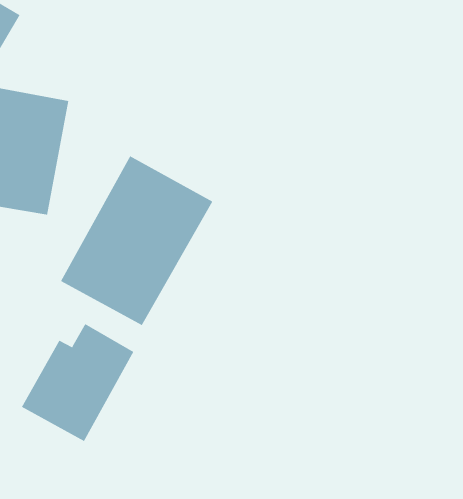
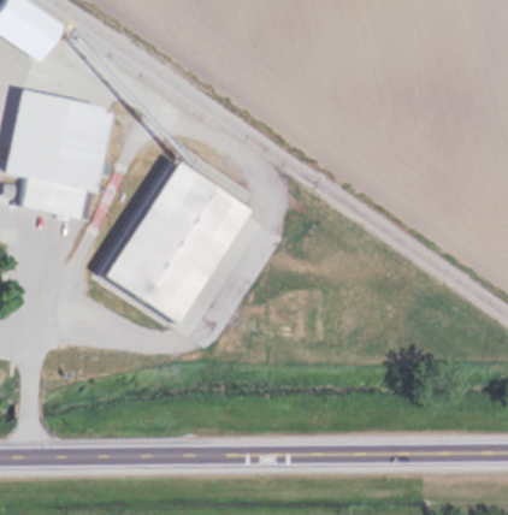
building: [21,323,134,442] -> none

